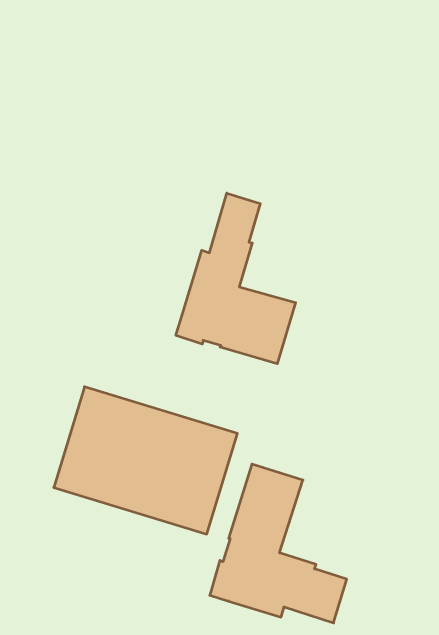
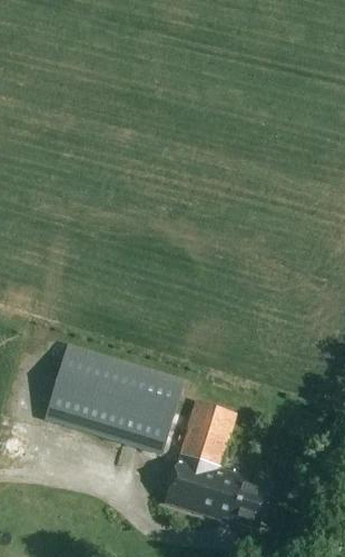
building: [176,193,296,364] -> none

